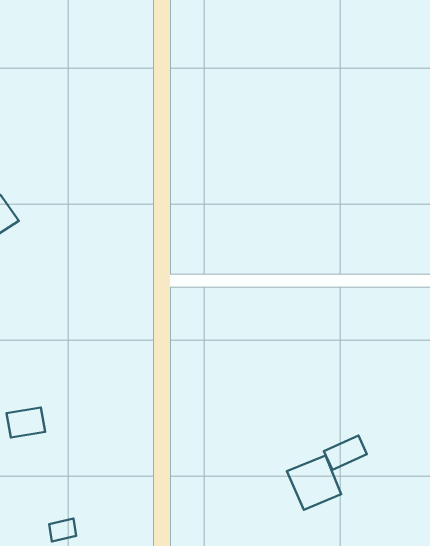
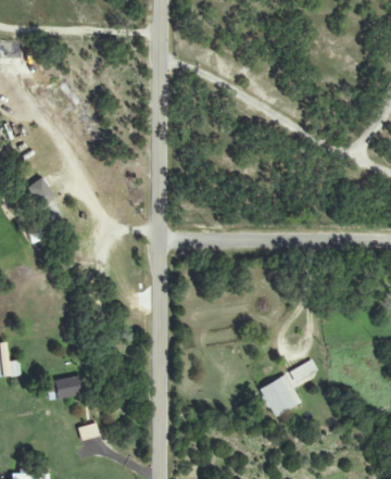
building: [6,408,45,438] -> [51,376,80,399]

